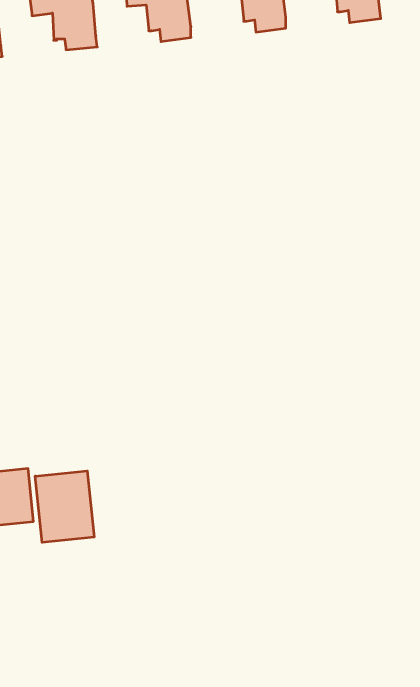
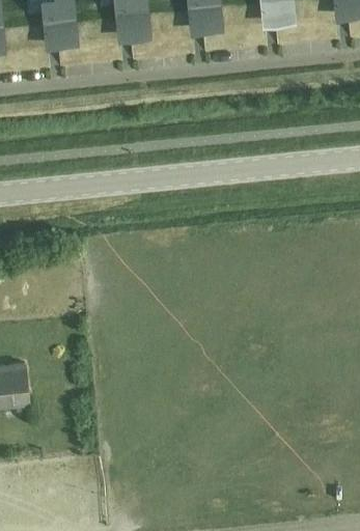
building: [35,471,94,542] -> none

